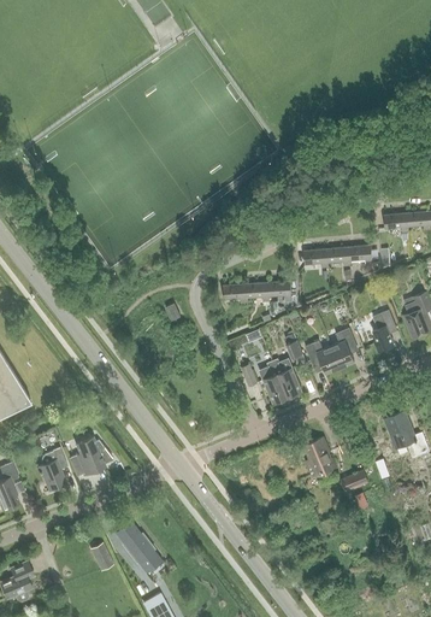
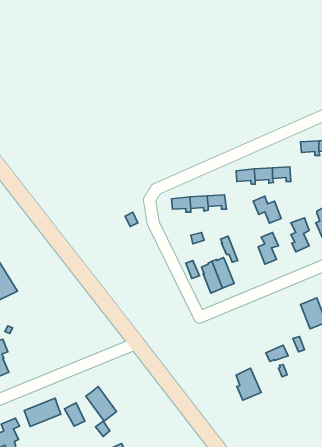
building: [305,341,340,375] -> [253,196,281,223]
building: [75,436,114,477] -> none
building: [305,439,336,478] -> [236,368,261,400]
building: [39,448,66,492] -> none
building: none -> [24,398,61,426]

